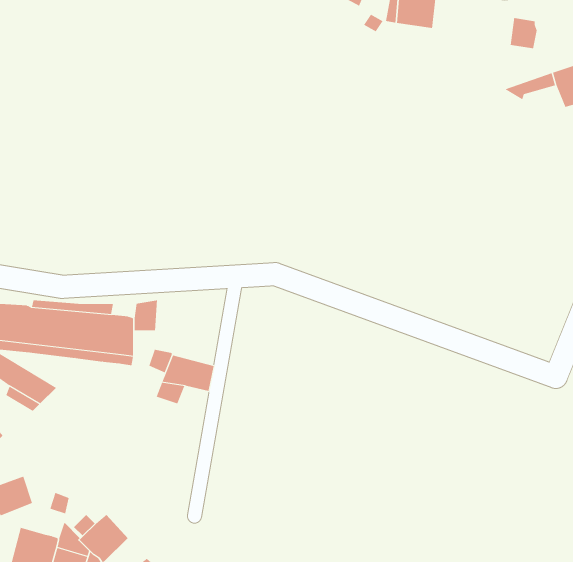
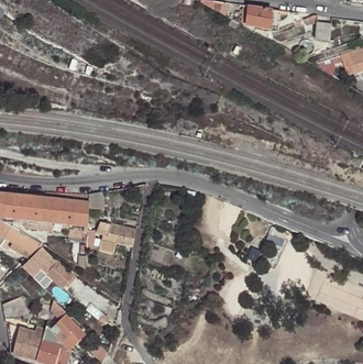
building: none -> [23,247,75,289]

